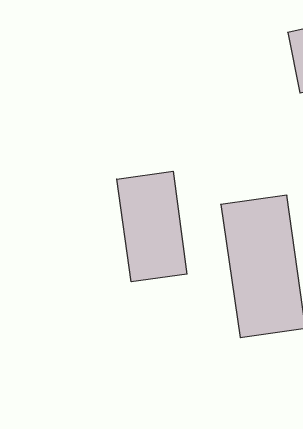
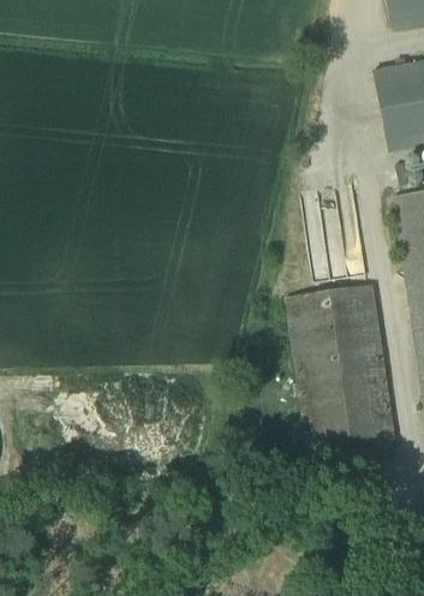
building: [117,171,187,282] -> none

